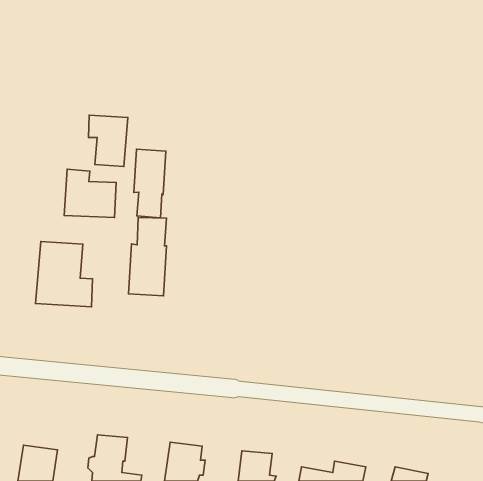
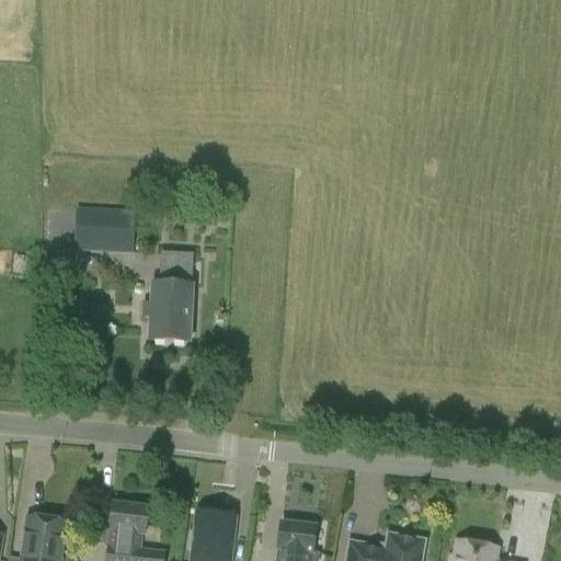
building: [88,115,128,166] -> none
building: [134,149,166,218] -> none
building: [36,241,93,307] -> none

